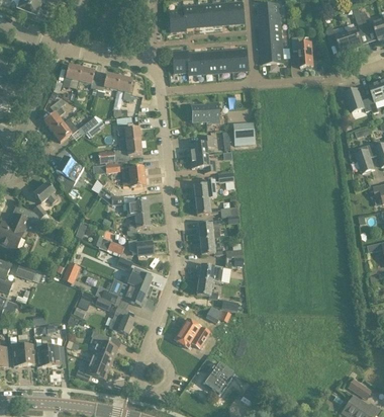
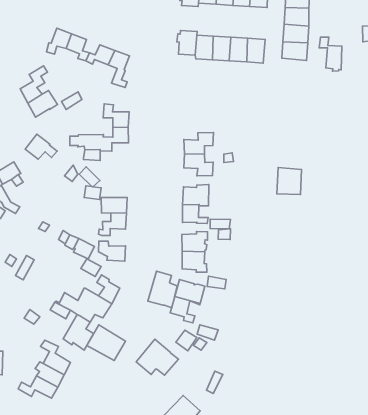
building: [191,101,219,121] -> none
building: [232,121,255,145] -> [277,168,302,194]
building: [120,165,145,185] -> none
building: none -> [148,271,177,308]
building: none -> [87,325,126,361]

